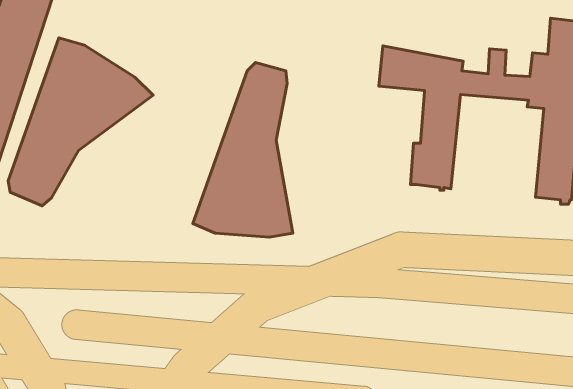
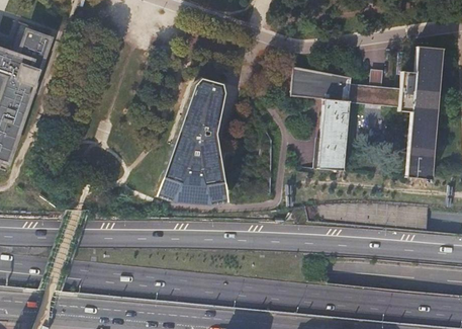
building: [8,38,153,206] -> none

